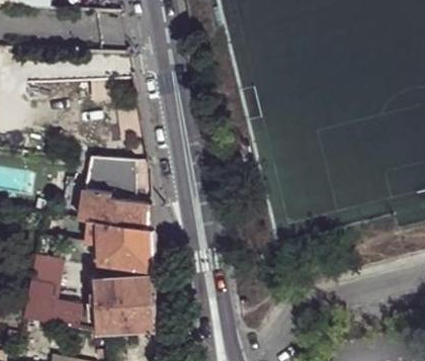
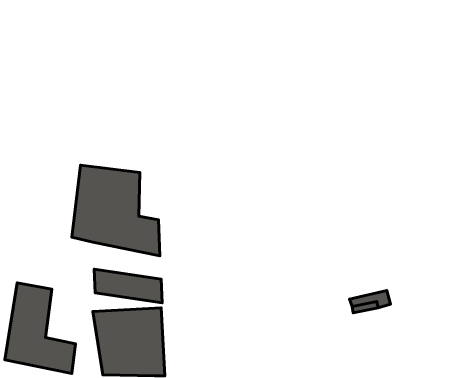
building: [96,222,152,253] -> none

